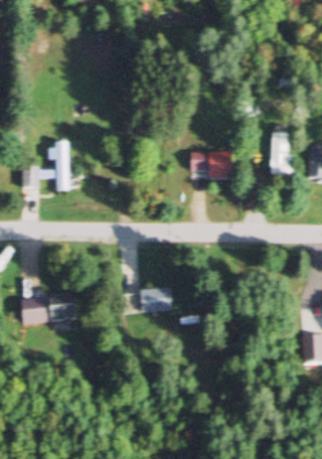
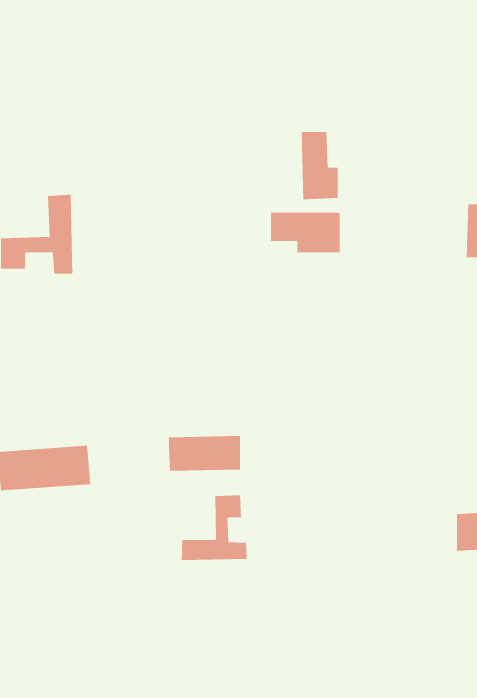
building: [272,134,295,176] -> [301,131,338,200]
building: none -> [181,495,247,561]

